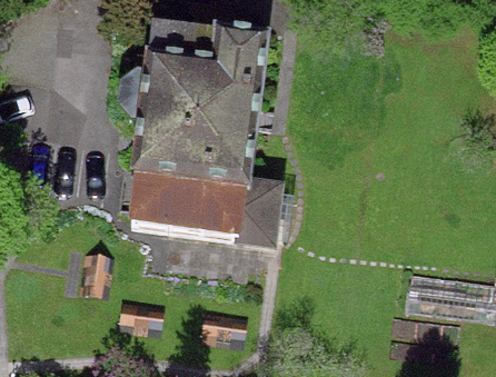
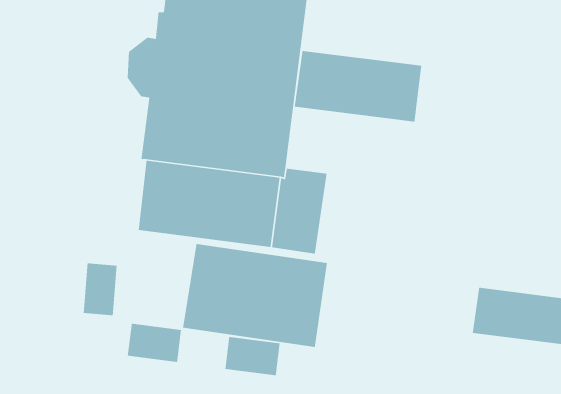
building: none -> [294,50,422,122]
building: none -> [182,243,328,348]

